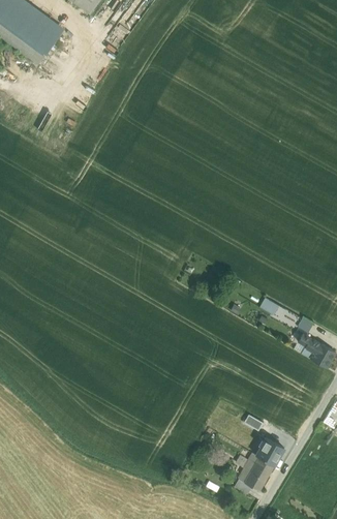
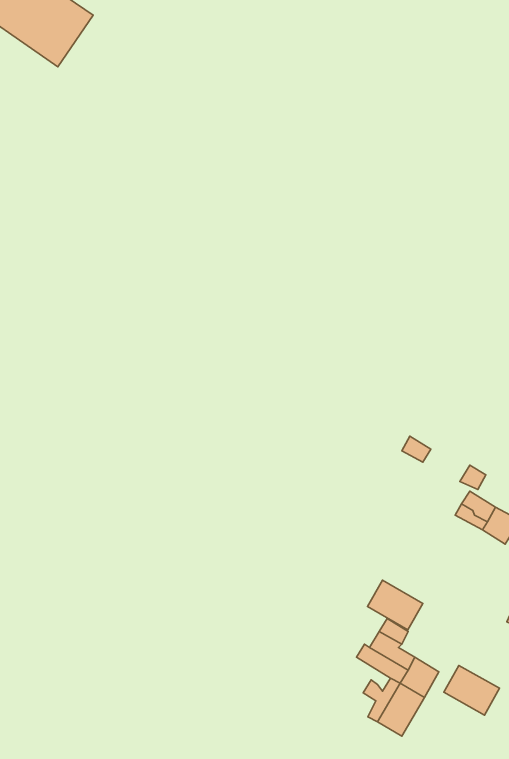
building: none -> [367,580,423,630]
building: none -> [444,665,499,715]

